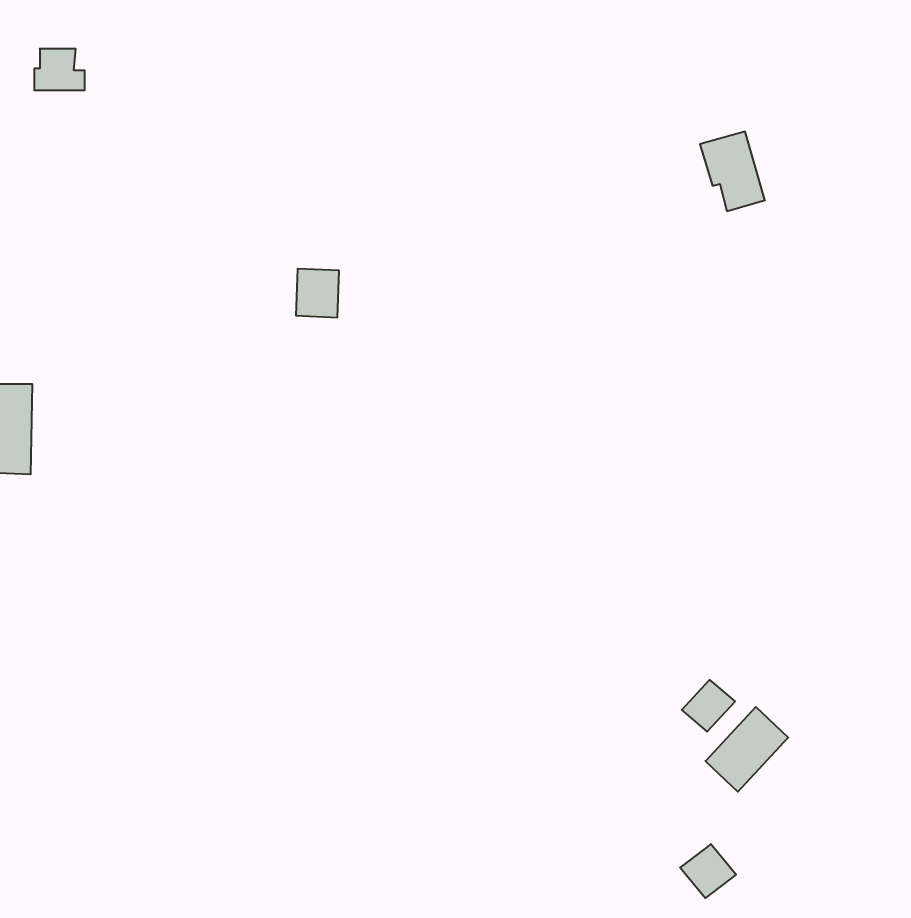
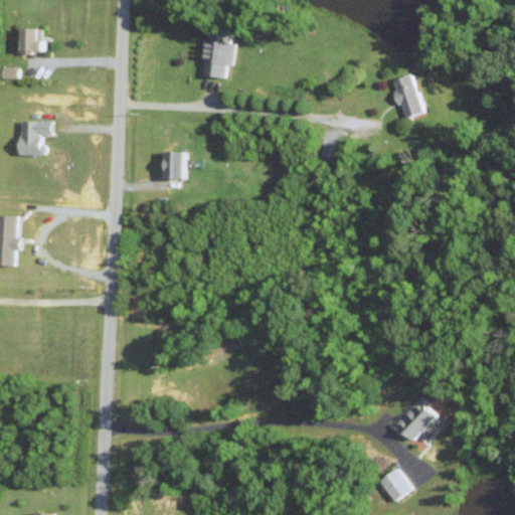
building: none -> [198,29,235,78]
building: none -> [18,122,51,155]
building: [682,680,735,732] -> none

